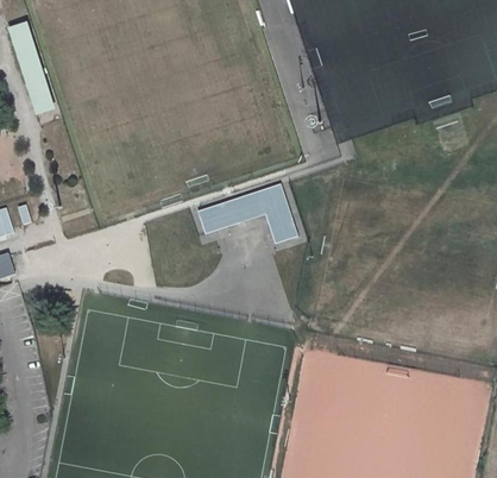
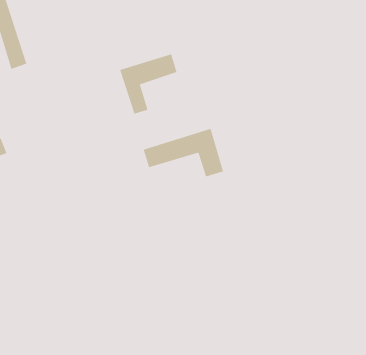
building: none -> [119,53,177,114]

